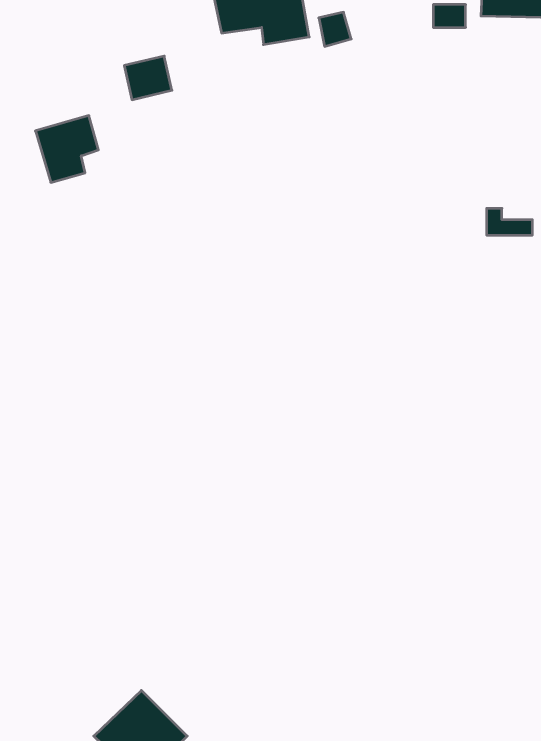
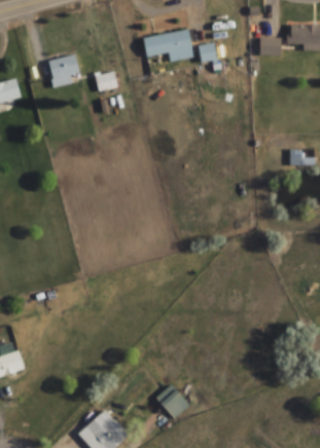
building: [35,116,98,182] -> [45,52,79,88]
building: none -> [156,384,189,418]

